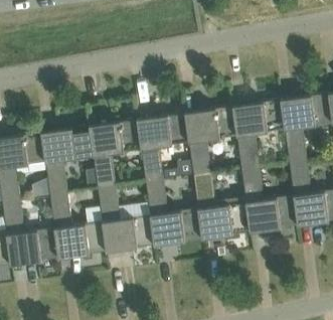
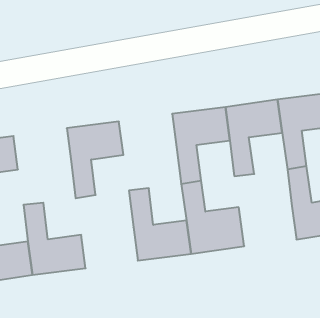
building: [137,113,189,182] -> none
building: [41,126,94,195] -> none
building: [241,167,298,232] -> none
building: [98,186,154,253] -> none

